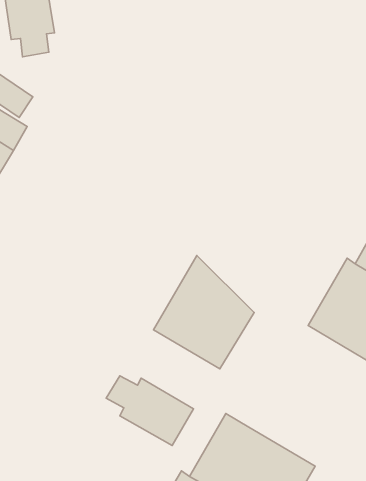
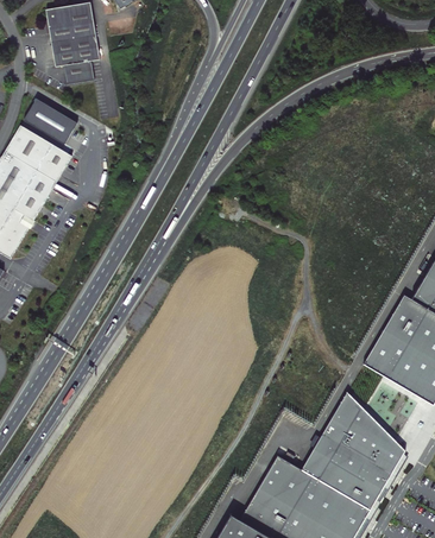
building: [154,255,254,369] -> [302,392,406,509]
building: [106,376,193,445] -> none

